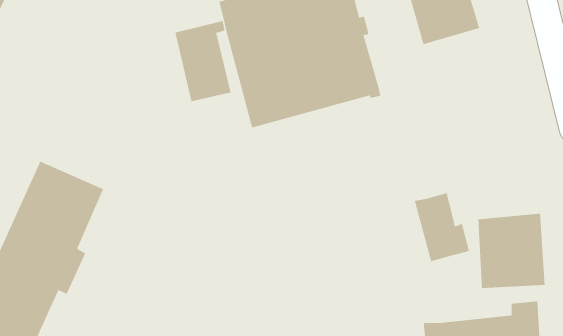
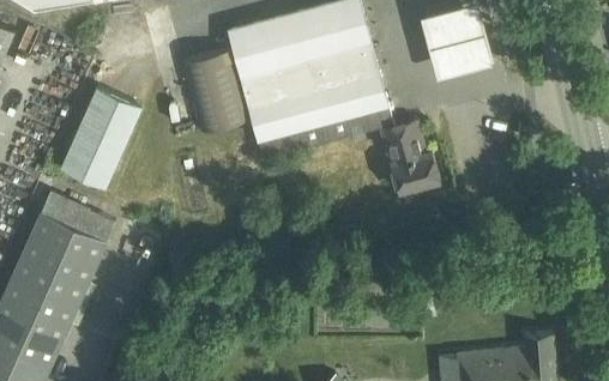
building: none -> [59,87,140,189]
building: [414,192,470,262] -> [381,121,438,192]
building: [477,213,545,289] -> none

